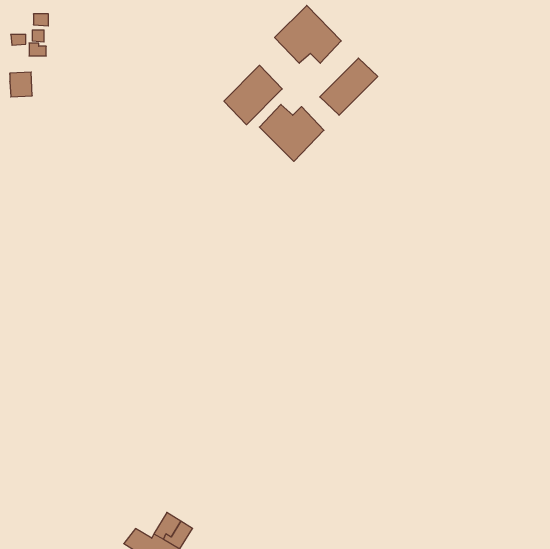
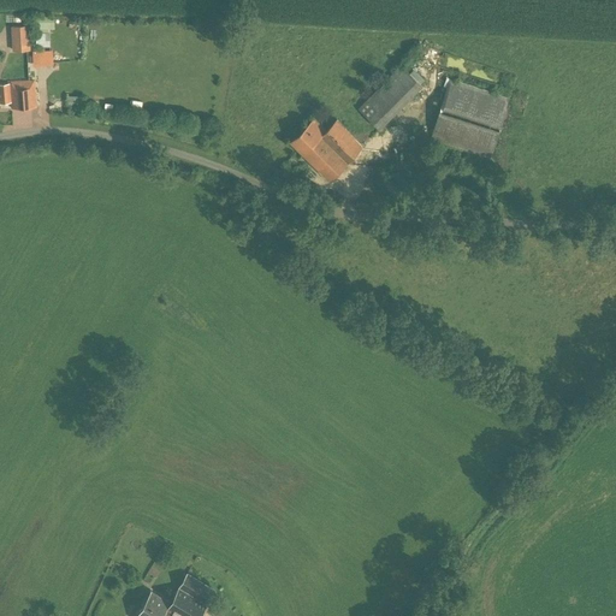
building: [275,5,341,63] -> none
building: [224,65,282,125] -> none
building: none -> [431,81,509,158]

